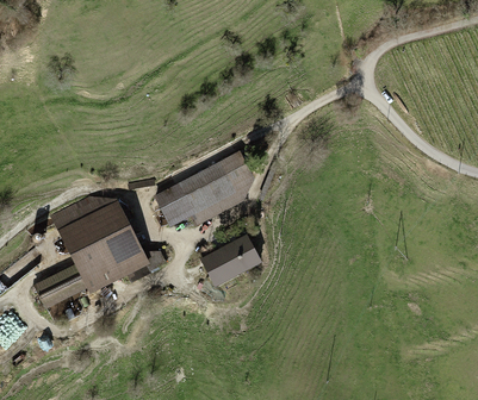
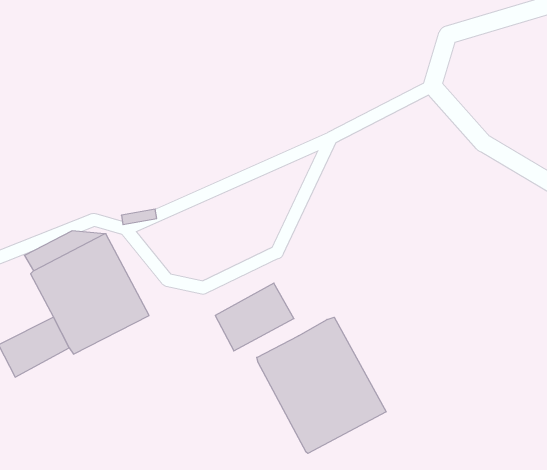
building: [151,150,255,230] -> none
building: none -> [257,317,386,453]

